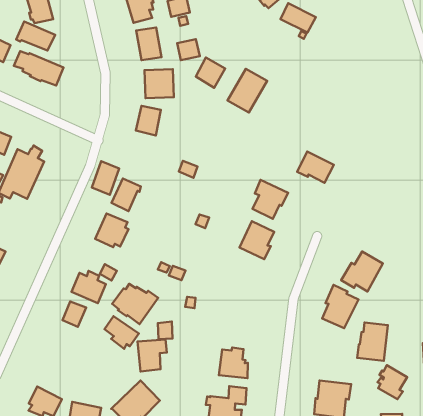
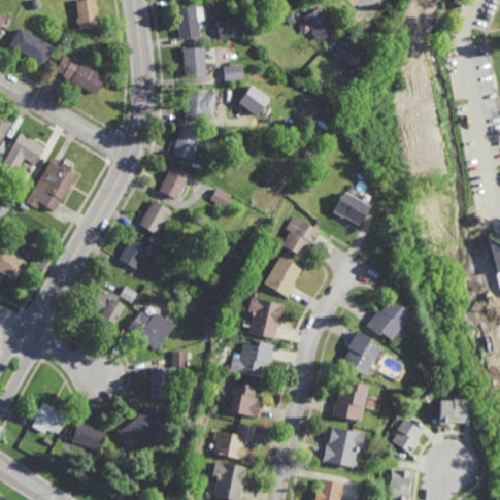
building: [16,22,55,51] -> none
building: [228,69,267,112] -> none
building: [92,161,119,195] -> [159,163,189,198]
building: none -> [248,297,284,338]
building: [62,301,86,327] -> none
building: none -> [231,341,274,377]
building: [105,316,139,349] -> none
building: [357,323,388,361] -> [333,380,368,422]

